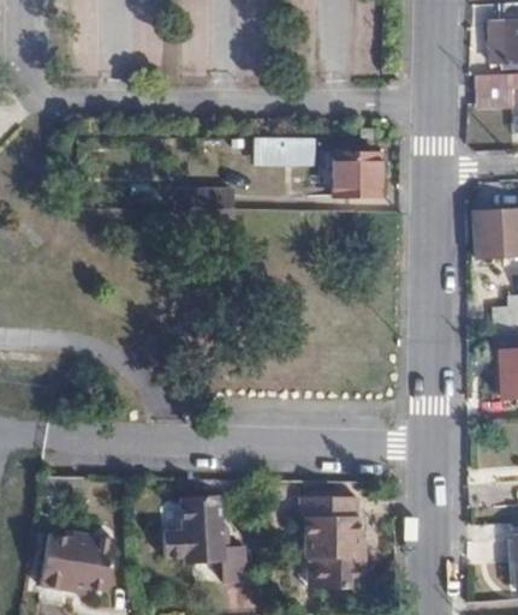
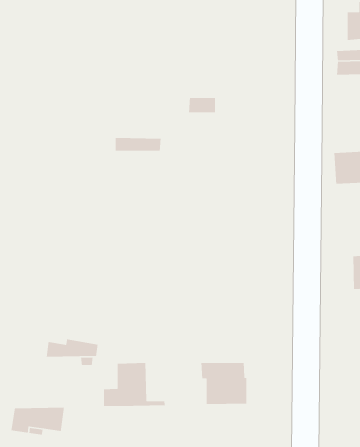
building: [333,154,379,196] -> none
building: [43,531,114,556] -> [46,339,99,357]
building: [302,551,364,587] -> none
building: [183,554,249,584] -> none

